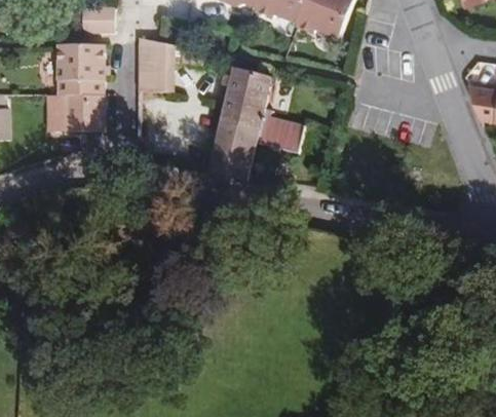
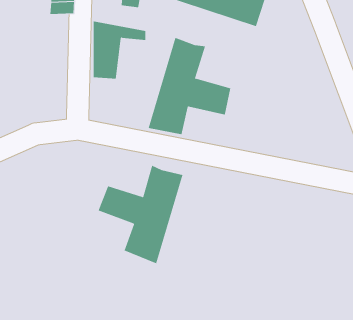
building: [43,40,106,128] -> none
building: none -> [98,165,183,264]

